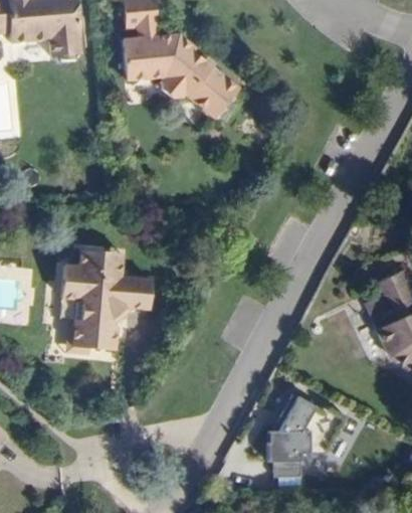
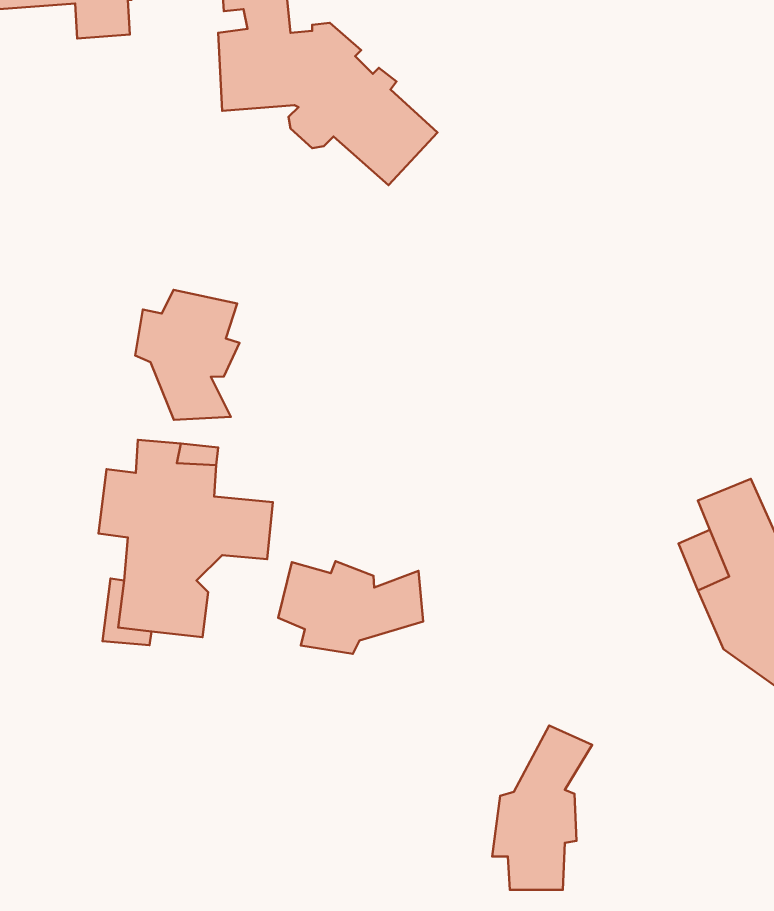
building: none -> [135,290,239,420]
building: none -> [278,561,423,654]

